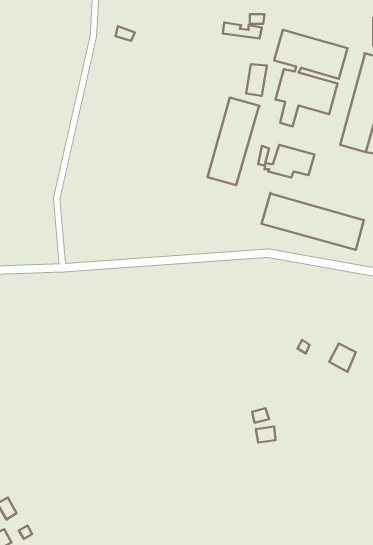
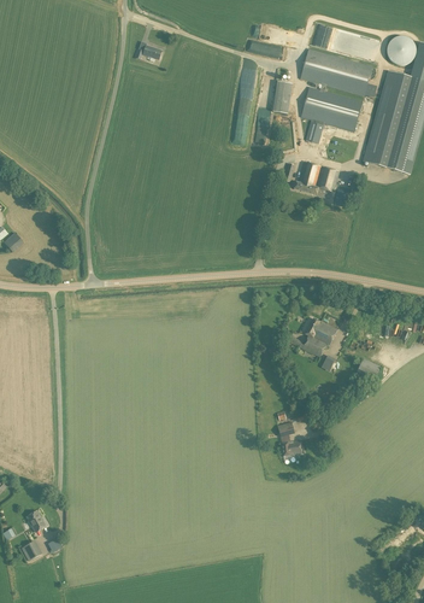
building: [207,97,260,185] -> none
building: [262,193,364,250] -> none
building: none -> [287,316,336,356]

